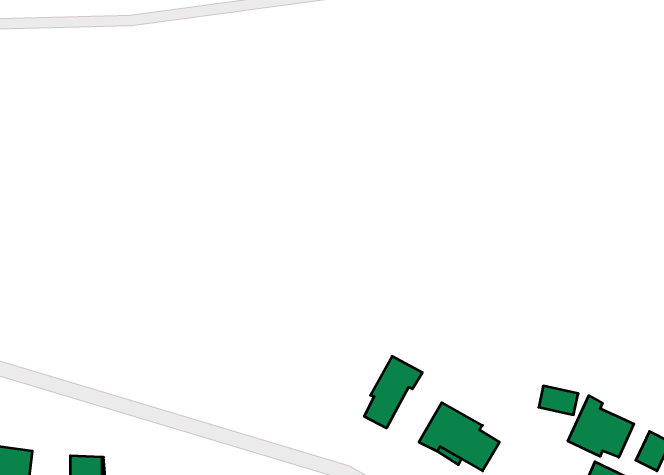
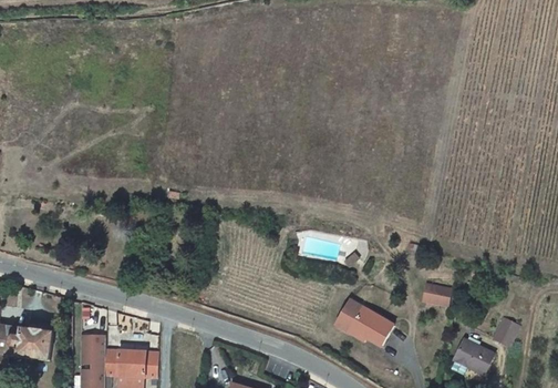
building: [364,356,422,428] -> none
building: [568,396,634,457] -> none

